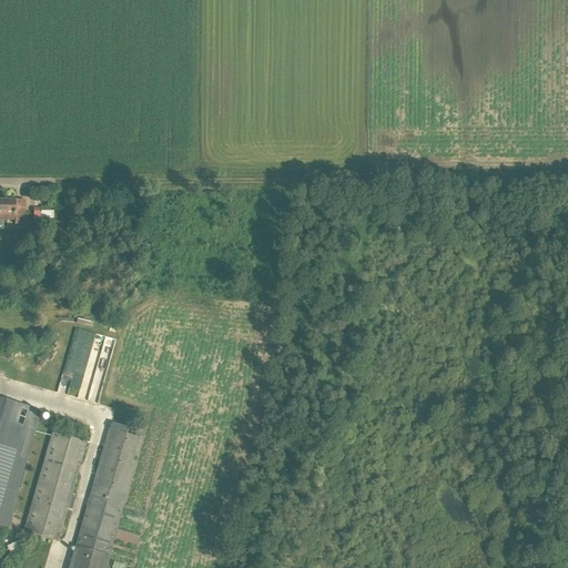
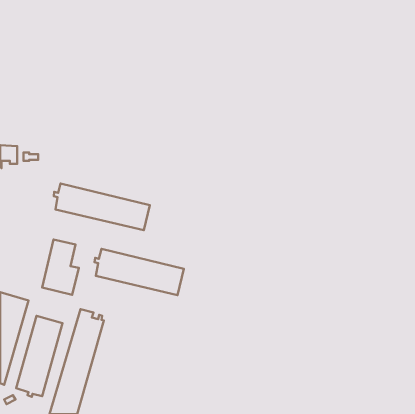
building: none -> [54,184,150,230]
building: none -> [95,249,184,295]

